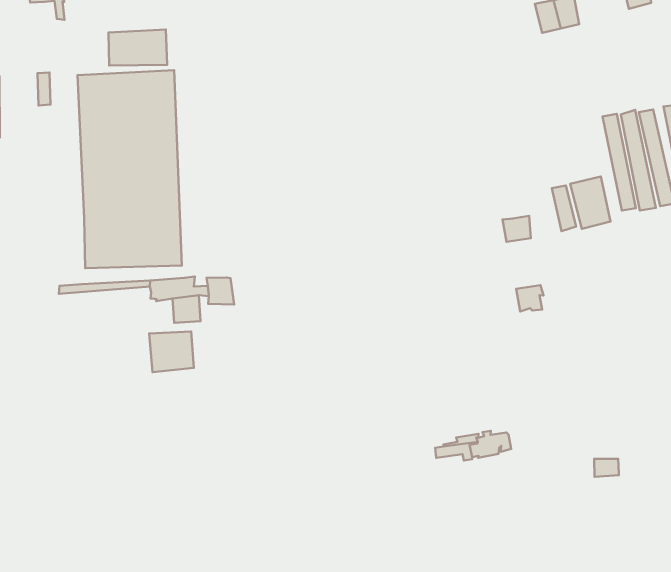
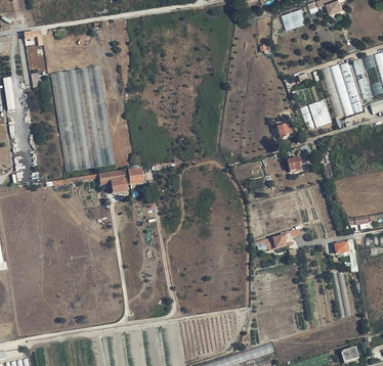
building: [109,29,167,66] -> none
building: [149,331,194,372] -> none

